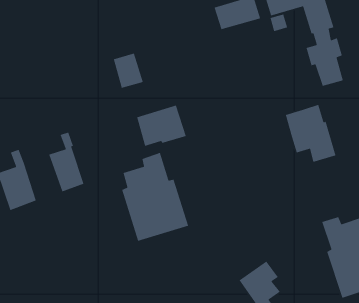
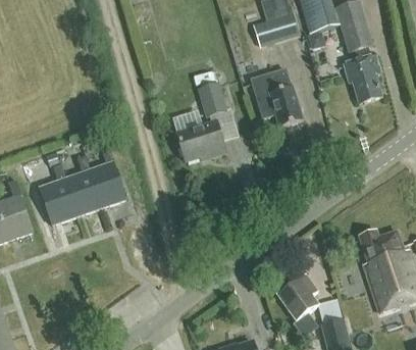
building: [113,53,144,89] -> [198,81,228,116]
building: [285,104,337,163] -> [252,68,303,127]
building: none -> [66,154,103,214]
building: [121,152,189,242] -> none

